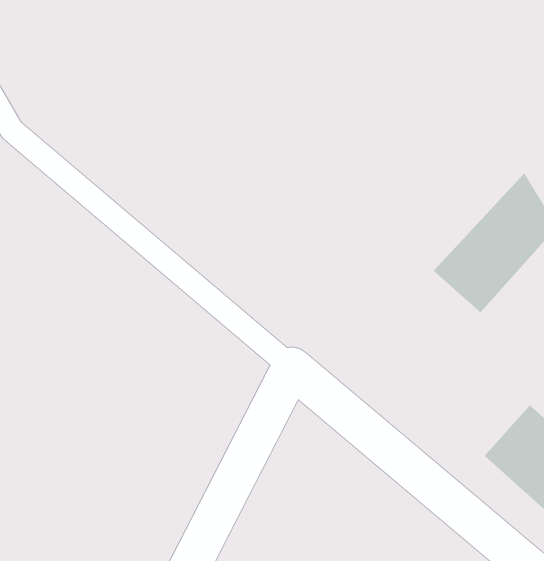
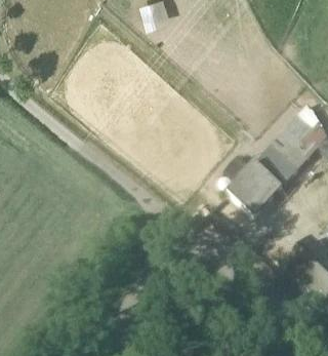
building: none -> [228,159,283,214]

